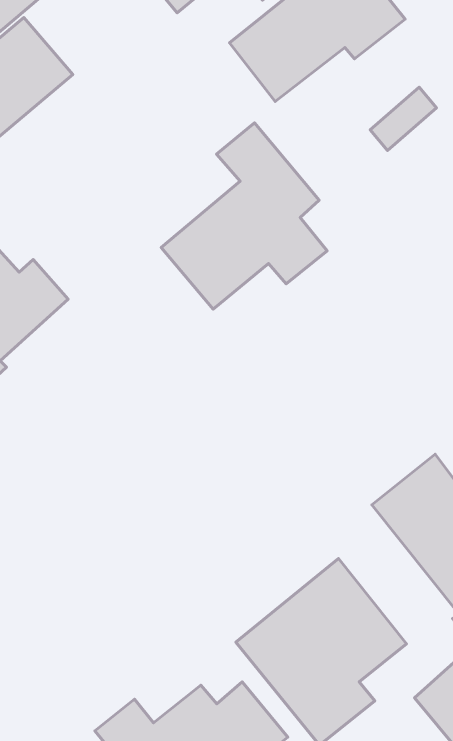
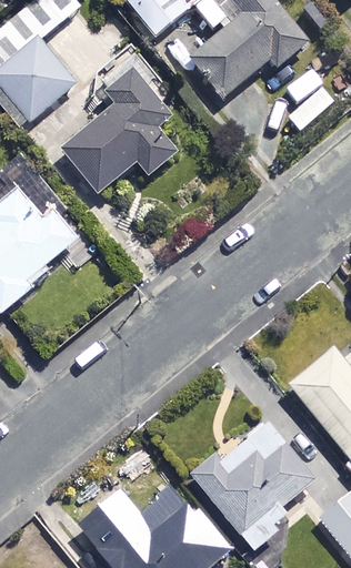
building: [161,123,327,309] -> [62,61,179,192]

